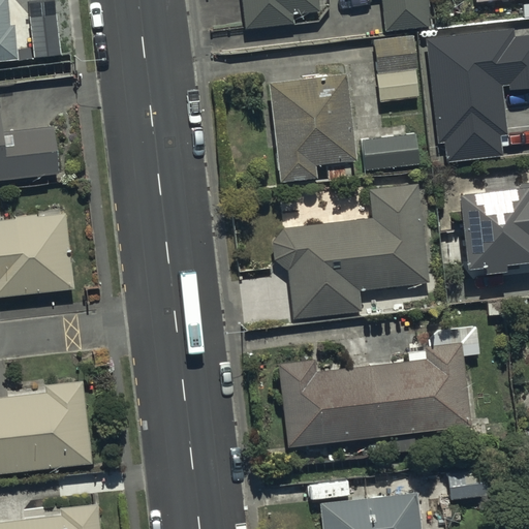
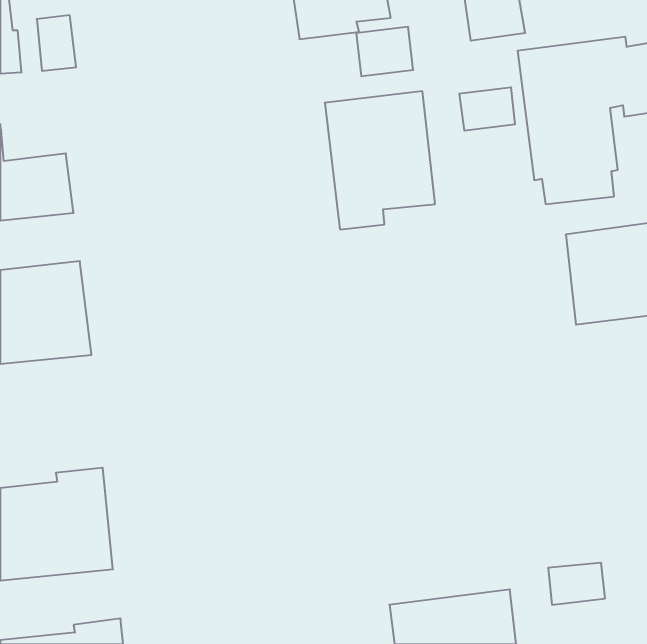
building: [371,36,417,76] -> [356,27,413,76]
building: [360,132,418,175] -> none
building: [271,185,428,322] -> none
building: [277,344,471,437] -> none

